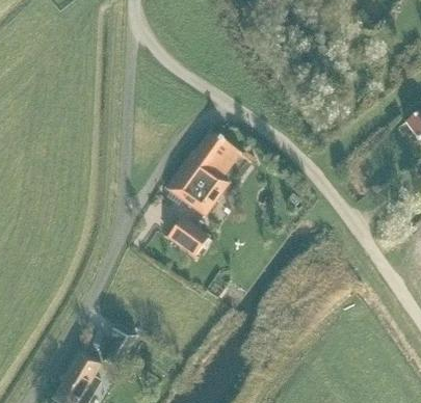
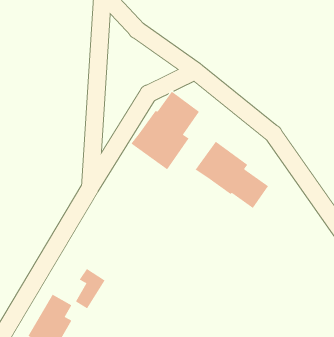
building: none -> [195,141,269,209]
building: [167,217,209,257] -> none

